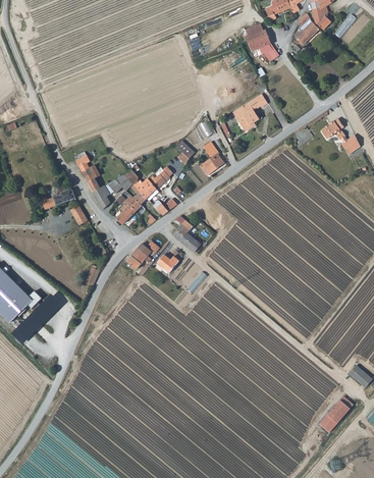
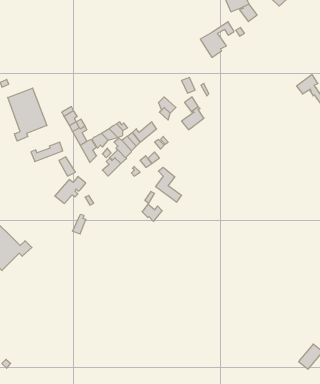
building: [232,93,268,130] -> [200,22,234,57]
building: none -> [8,88,47,141]
building: [126,241,159,269] -> [55,177,86,204]

